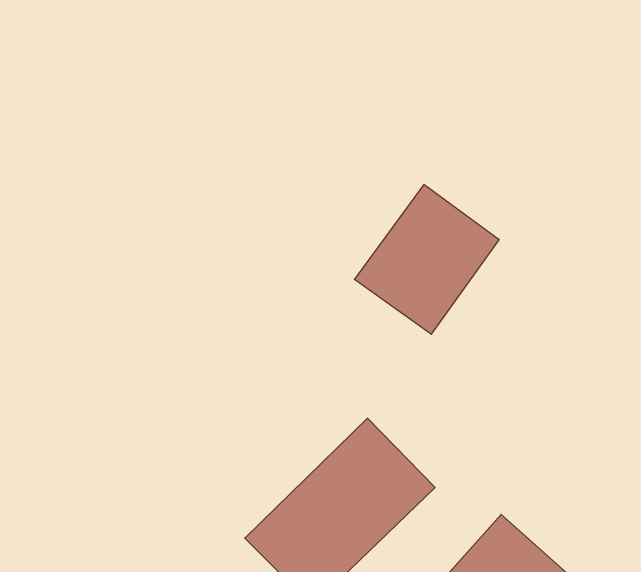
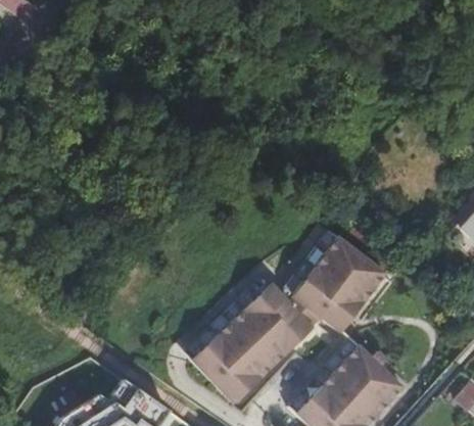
building: [354,185,499,334] -> [291,235,385,332]

